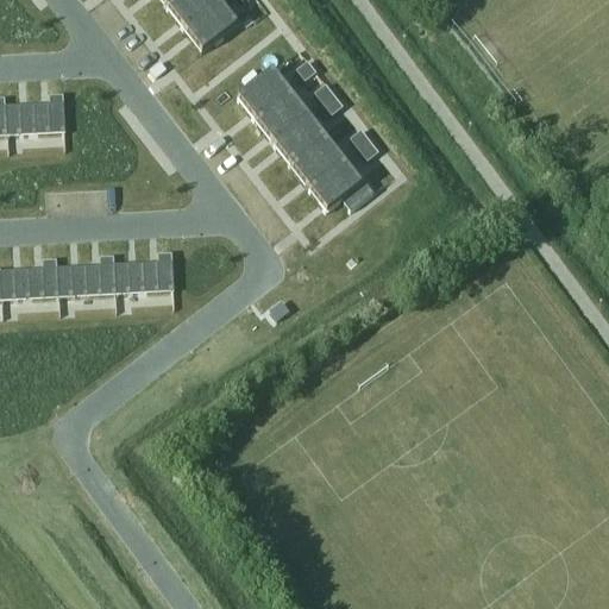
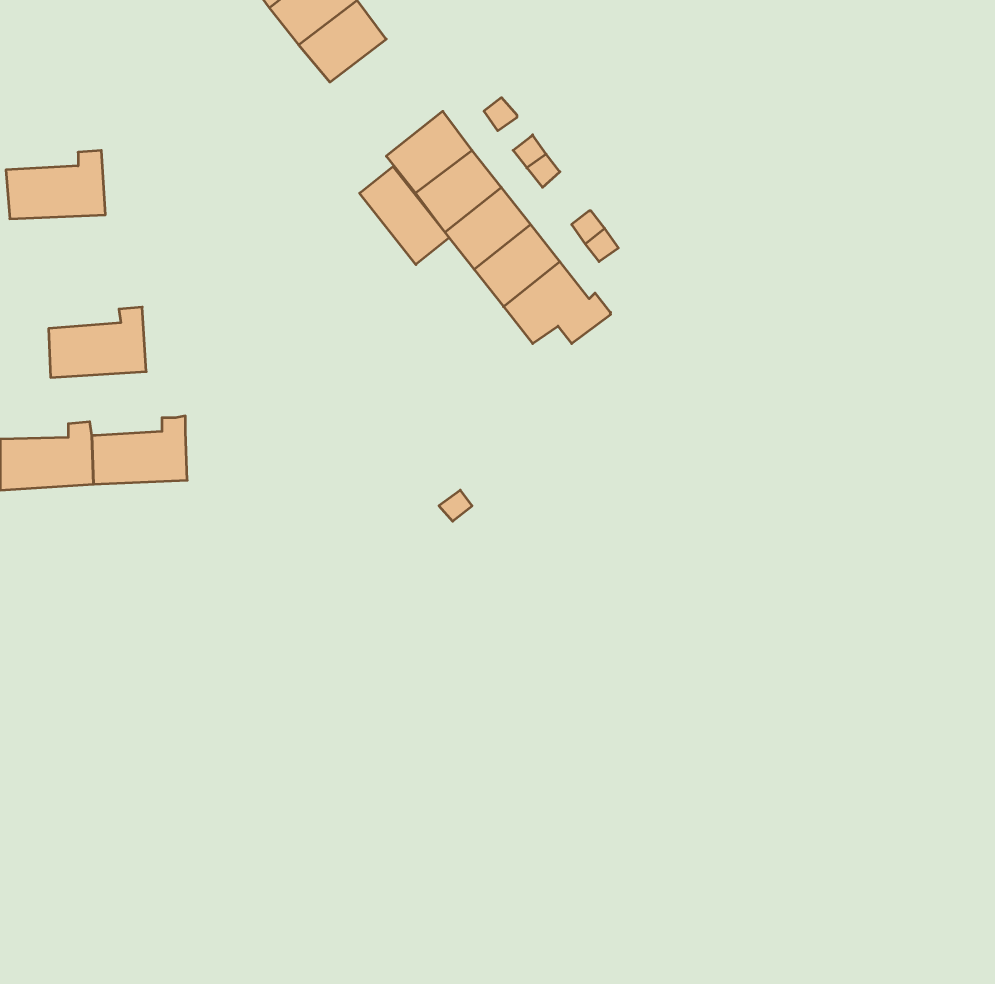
building: none -> [360,167,449,265]
building: [114,250,174,293] -> [49,307,146,377]

